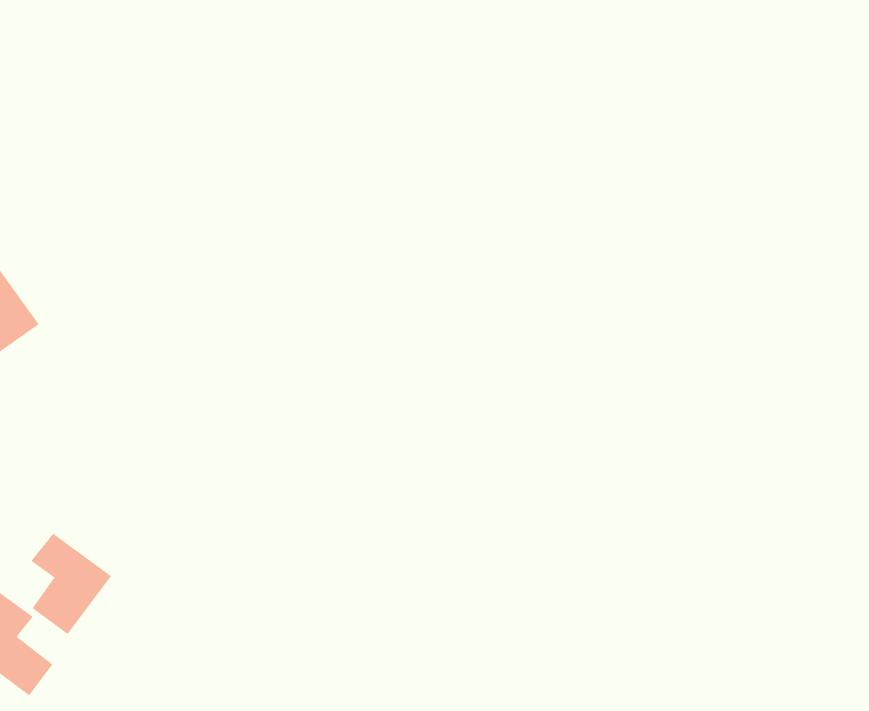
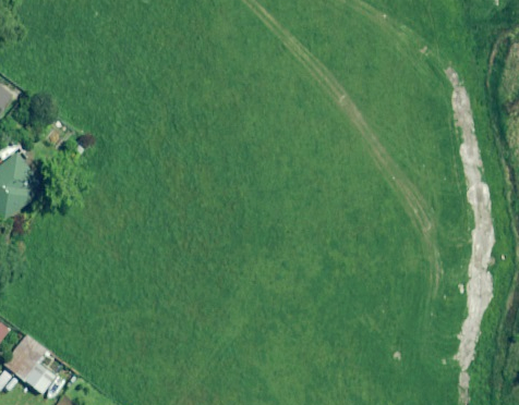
building: [30,533,112,635] -> none

